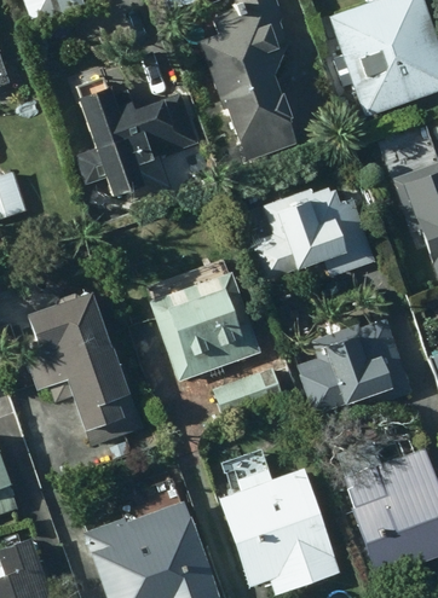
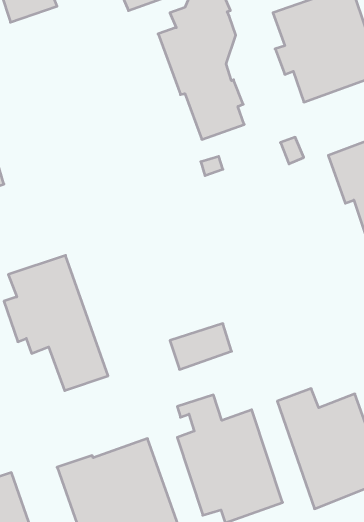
building: [75,77,197,196] -> none
building: [259,185,373,281] -> none
building: [148,272,259,382] -> none
building: [295,319,411,416] -> none

